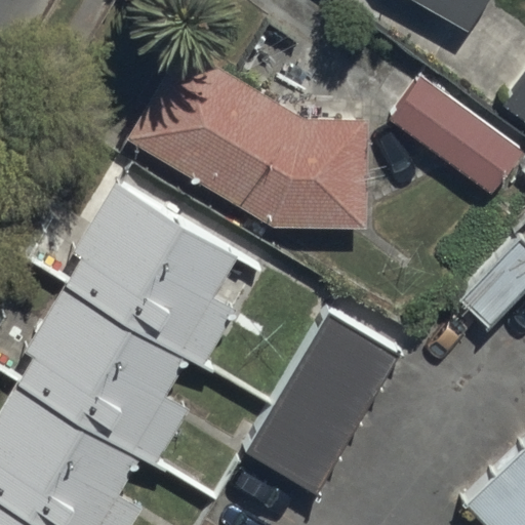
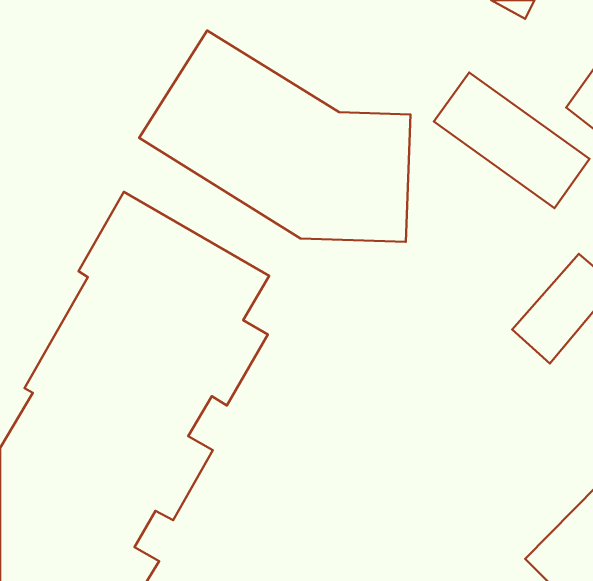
building: [245,312,406,500] -> none

